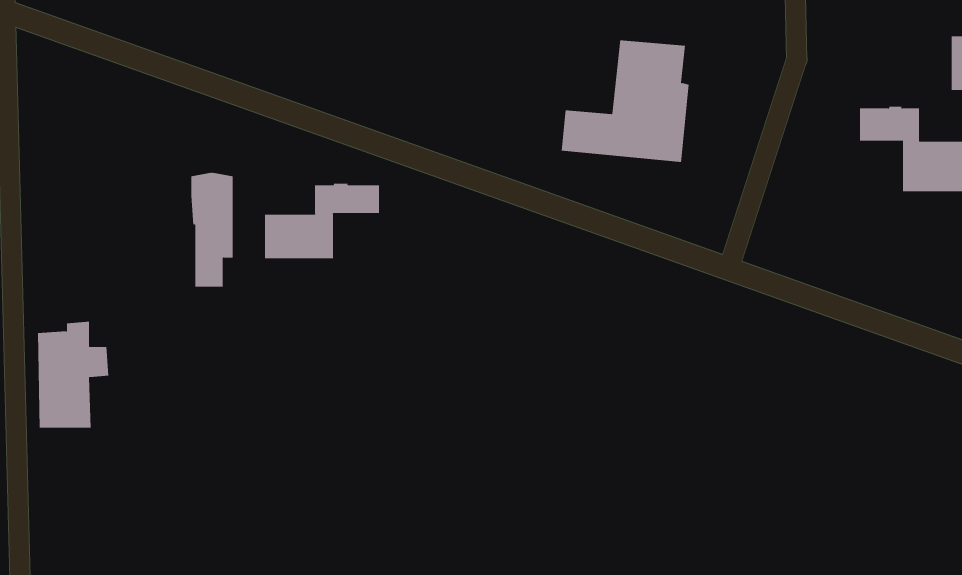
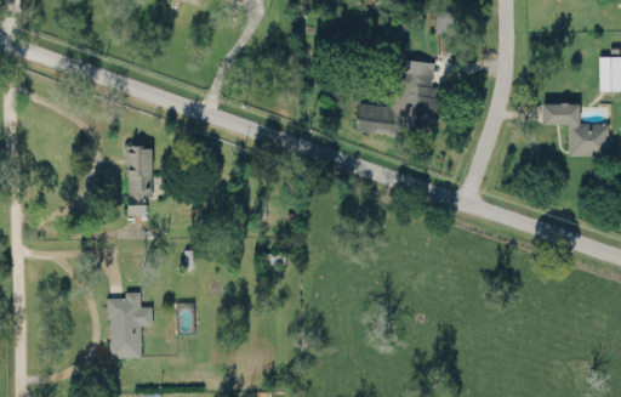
building: [264,183,379,259] -> none
building: [37,321,109,428] -> [108,291,153,358]

